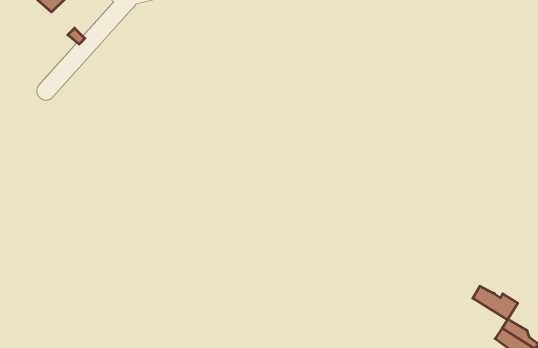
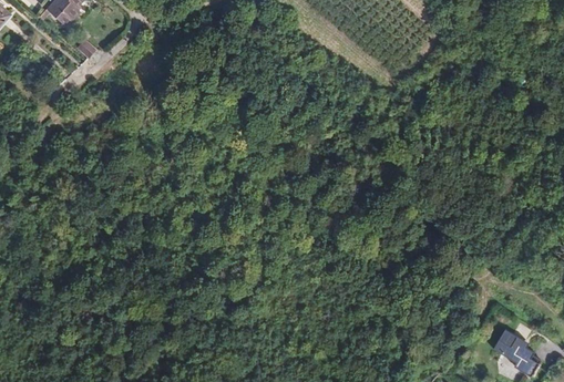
building: [473,286,518,320] -> none

